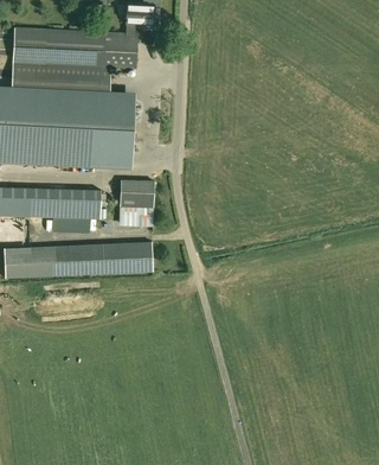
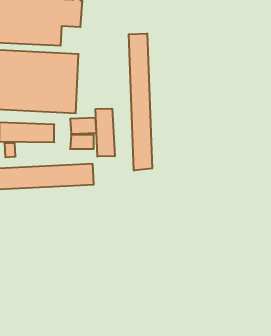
building: none -> [129,33,152,171]
building: none -> [96,109,115,157]

